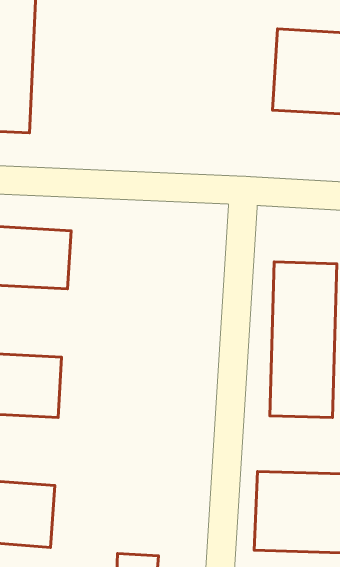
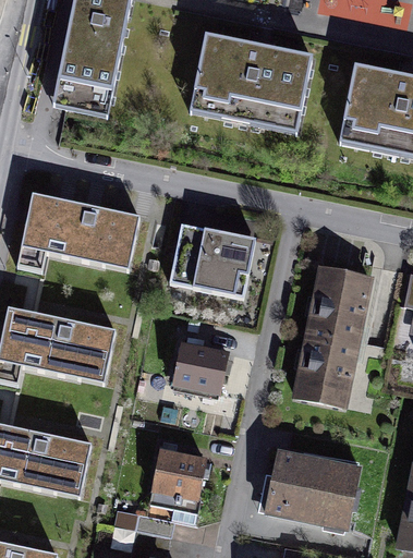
building: none -> [187,36,312,128]
building: none -> [170,223,254,292]
building: none -> [170,349,226,385]
building: none -> [147,438,209,515]

